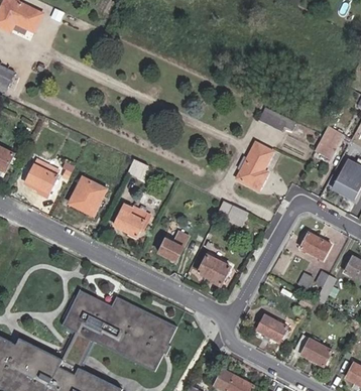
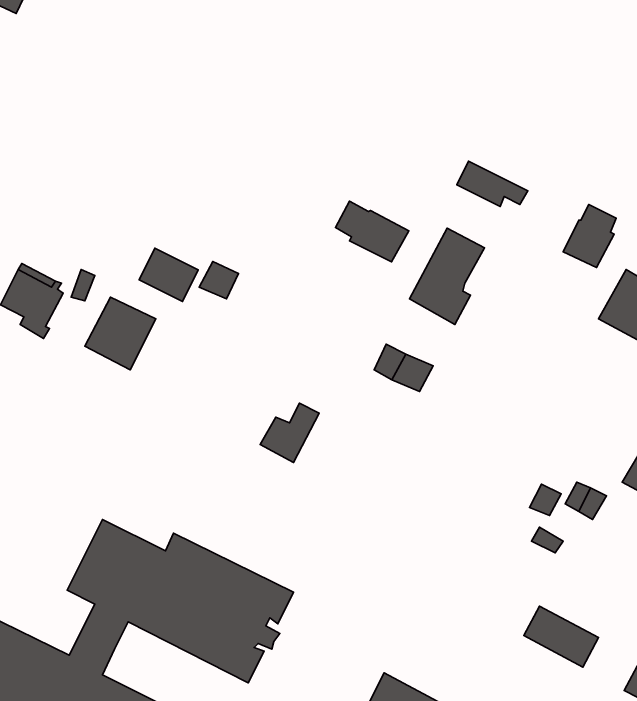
building: none -> [335,201,409,262]
building: [114,209,144,236] -> [139,248,198,301]
building: [299,232,330,259] -> none
building: [198,255,229,284] -> none
building: [256,314,286,342] -> none

